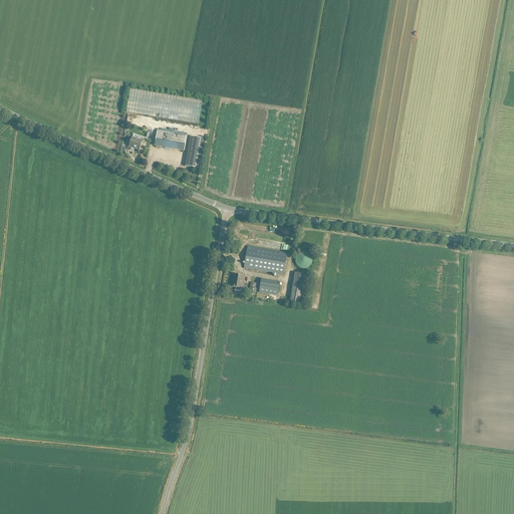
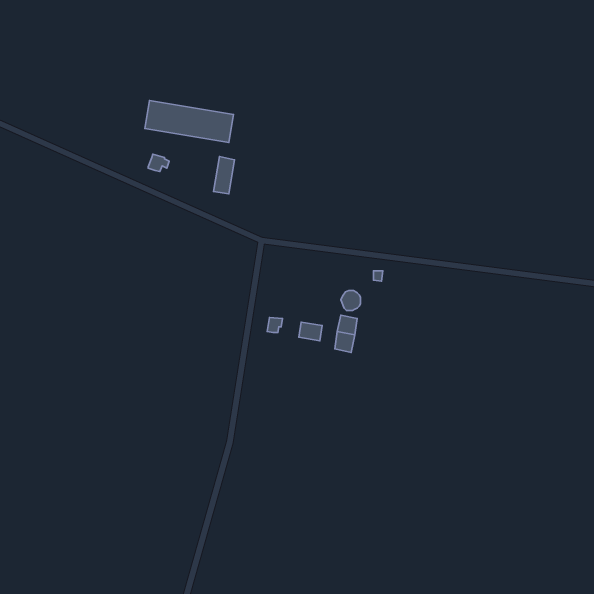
building: [153,130,185,150] -> none
building: [242,245,285,273] -> none

